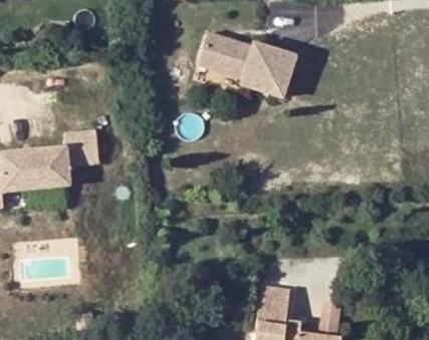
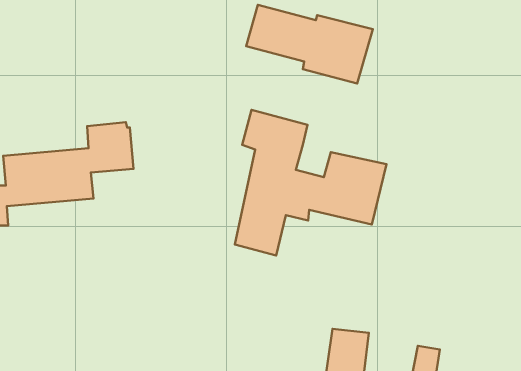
building: none -> [235,110,386,255]

